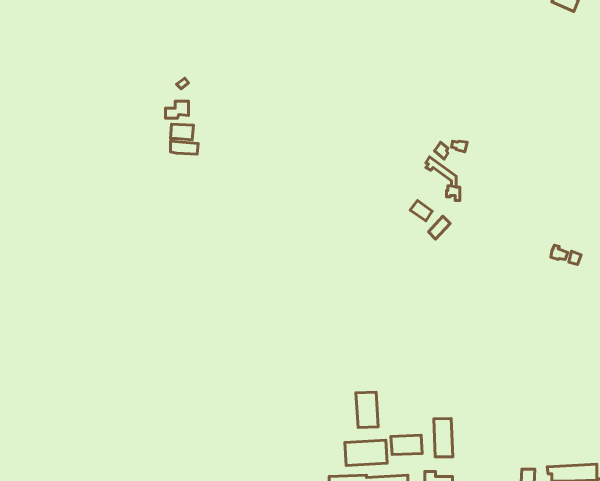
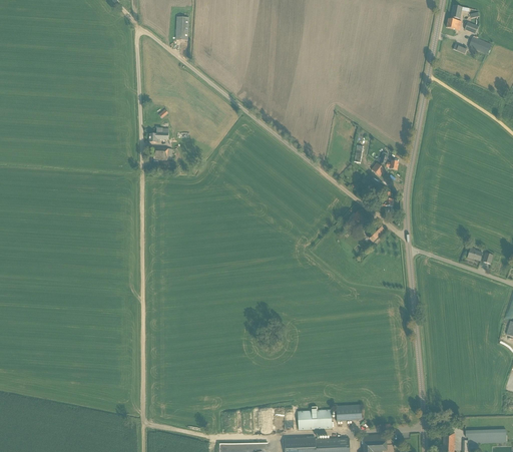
building: [356,392,378,428] -> none
building: [434,419,453,457] -> none

